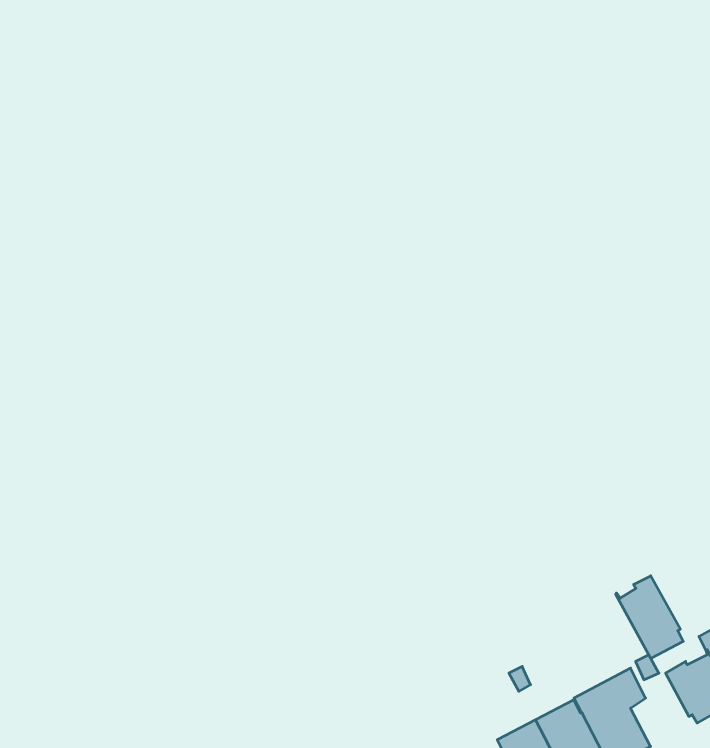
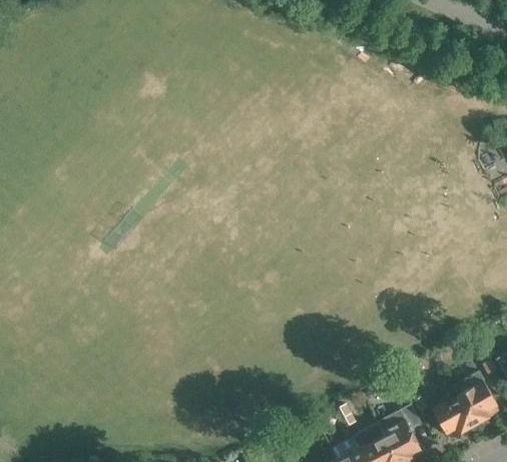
building: [616,576,683,658] -> none

